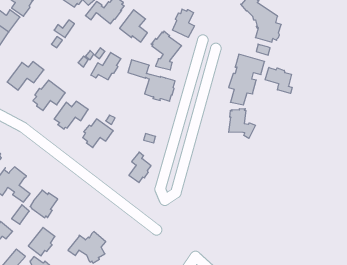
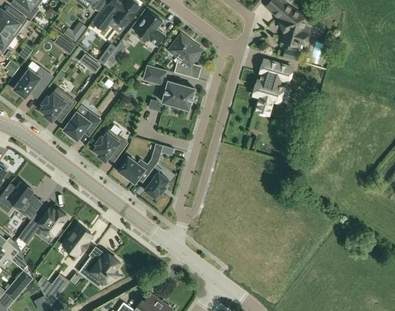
building: [172,9,194,37] -> none
building: [91,52,121,80] -> none
building: [265,67,292,93] -> none
building: [229,109,255,138] -> none
building: none -> [117,153,159,183]
building: [28,227,55,256] -> [62,225,91,256]

